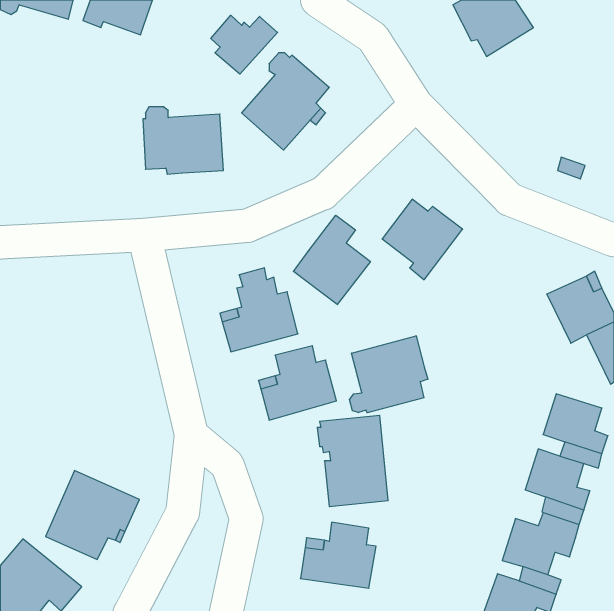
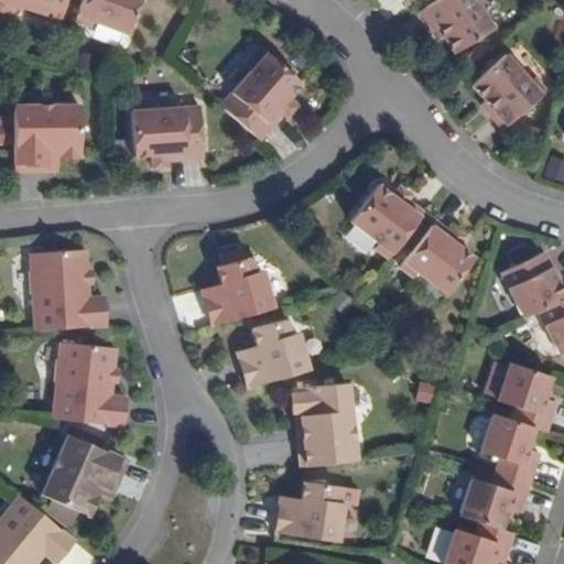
building: [211,15,278,74] -> none
building: none -> [465,54,535,130]
building: none -> [14,105,82,171]
building: [293,215,370,305] -> none
building: none -> [400,221,475,295]
building: none -> [31,250,107,330]
building: [349,336,428,413] -> none
building: none -> [54,343,127,426]

